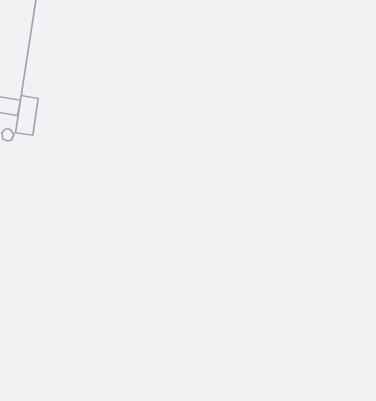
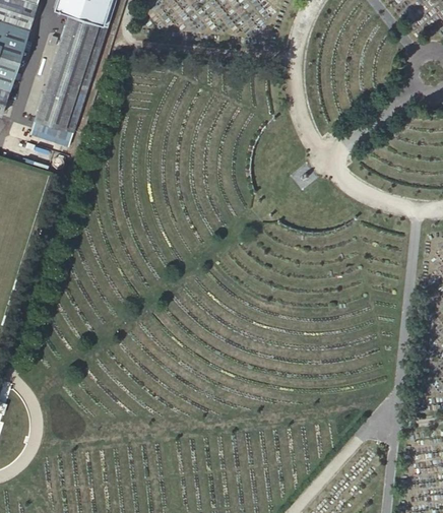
building: [15,95,38,135] -> none

